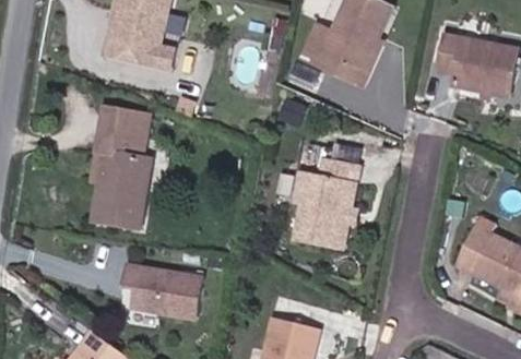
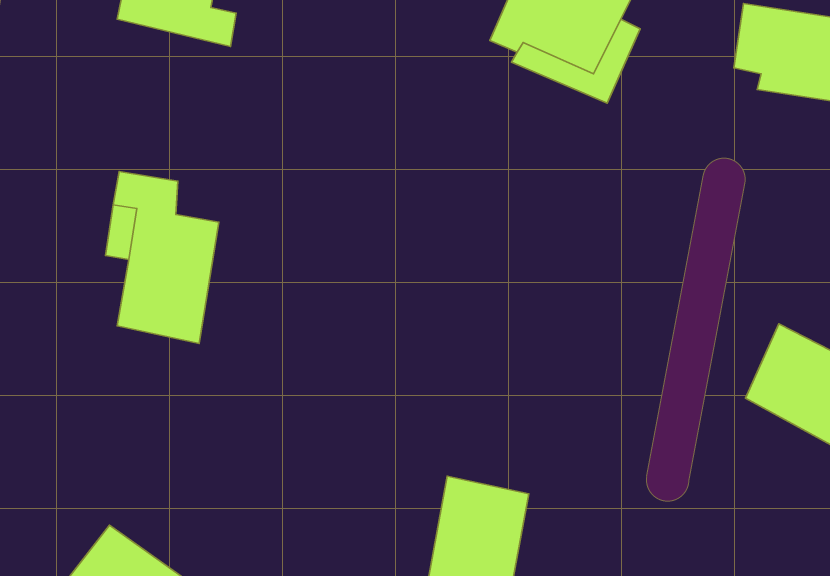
building: [95,107,149,141] -> none
building: [300,160,364,251] -> none
building: [123,260,202,316] -> none

